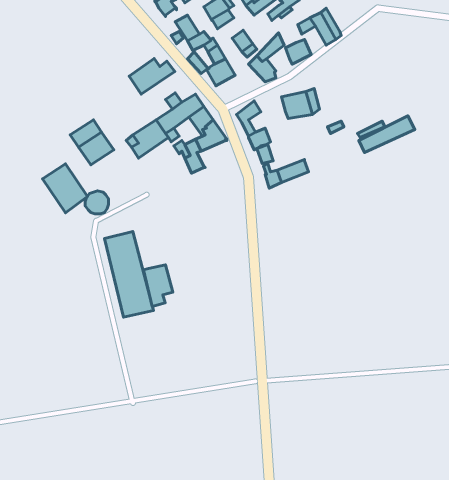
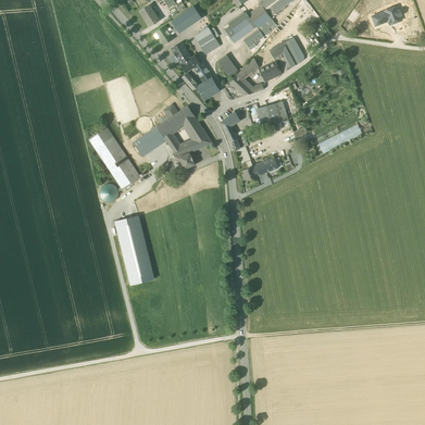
building: [129,58,175,94] -> none
building: [42,164,87,213] -> [104,150,140,189]
building: [143,265,173,306] -> none

